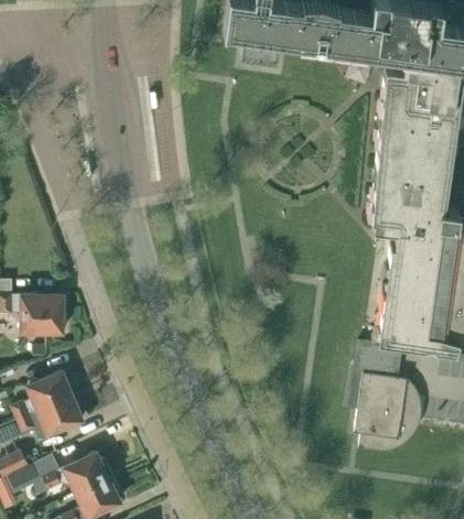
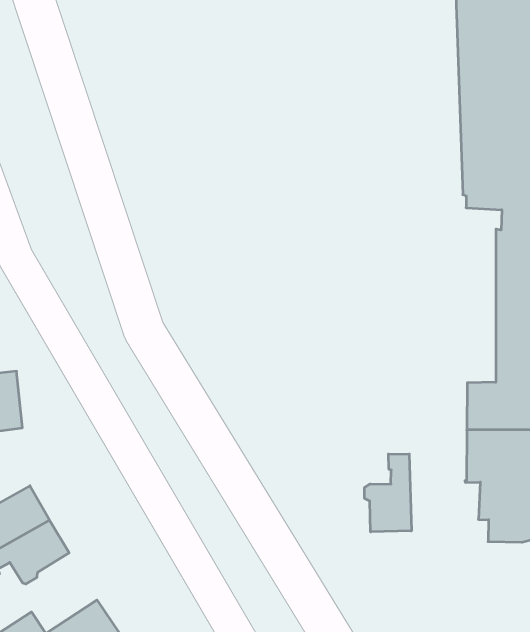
building: none -> [365,454,411,532]

